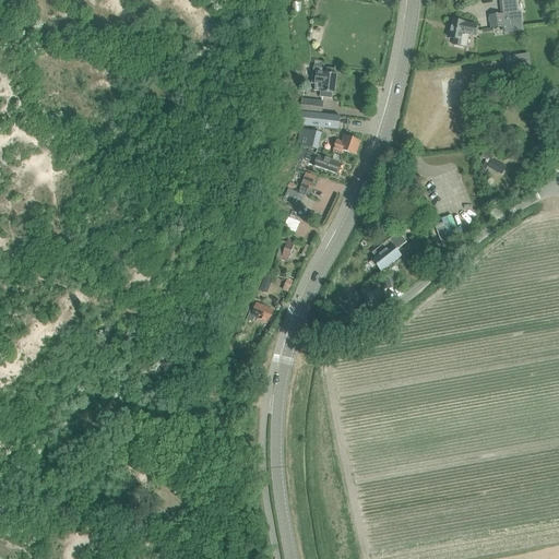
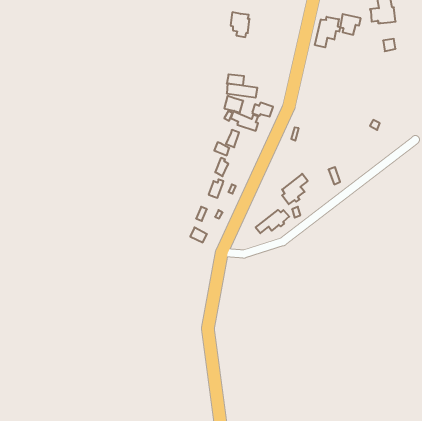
building: none -> [315,17,340,47]
building: [312,64,337,97] -> [231,12,250,37]
building: none -> [256,210,289,233]

